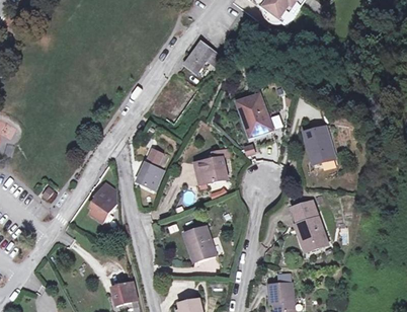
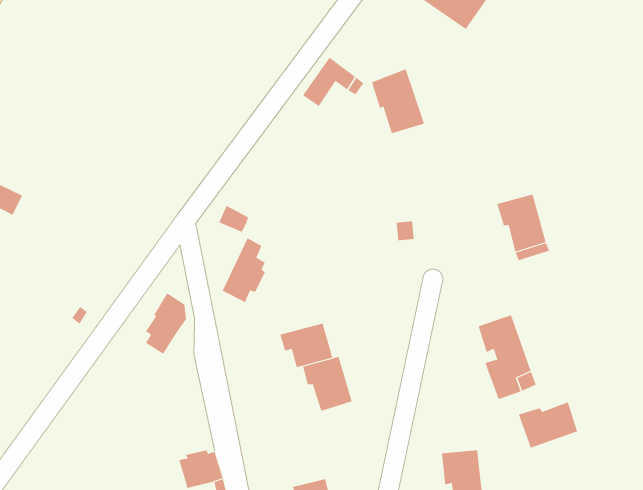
building: [238,94,270,134] -> [371,69,425,134]
building: [193,157,226,184] -> [280,323,333,368]
building: none -> [518,402,578,449]

